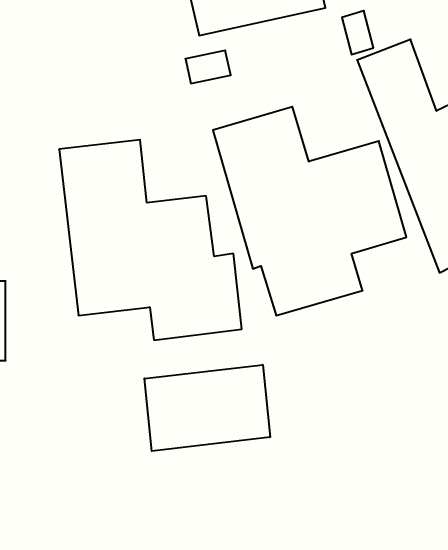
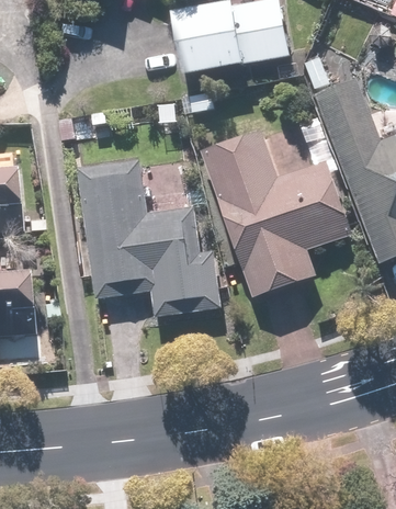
building: [144,365,270,451] -> none

